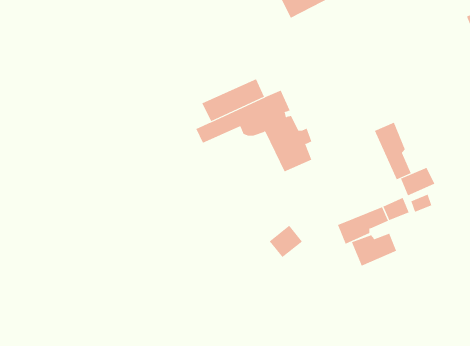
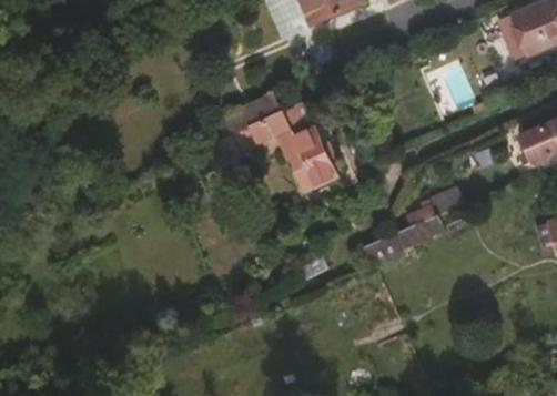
building: [374,122,411,180] -> none
building: [351,233,397,267] -> none

